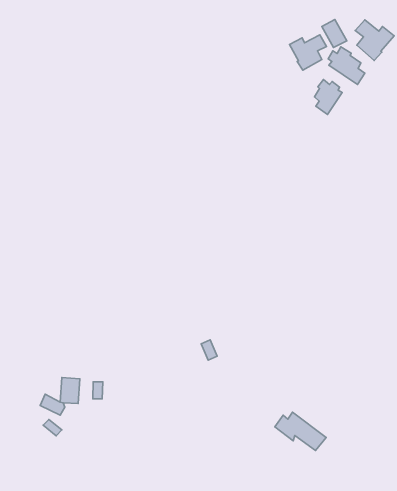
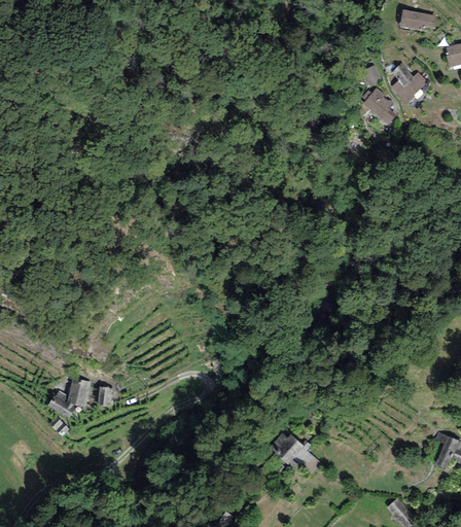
building: [289,35,326,70] -> none
building: [314,80,342,114] -> none

